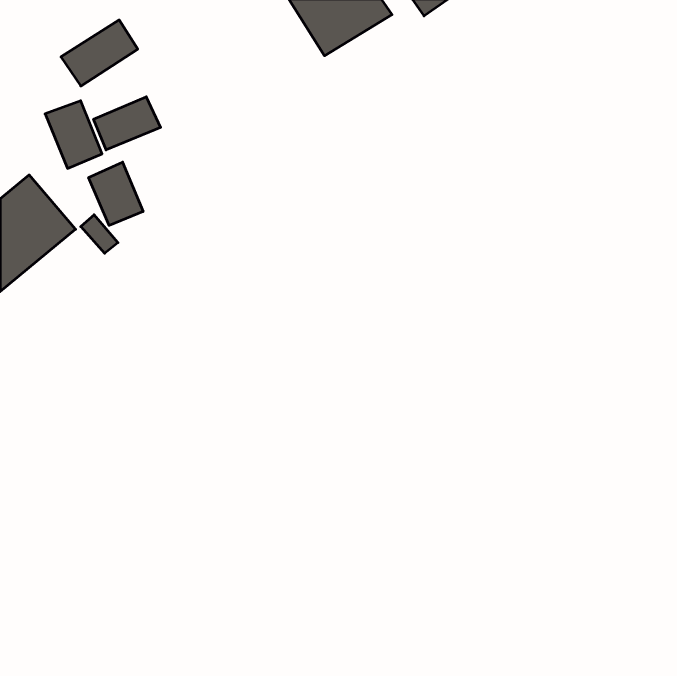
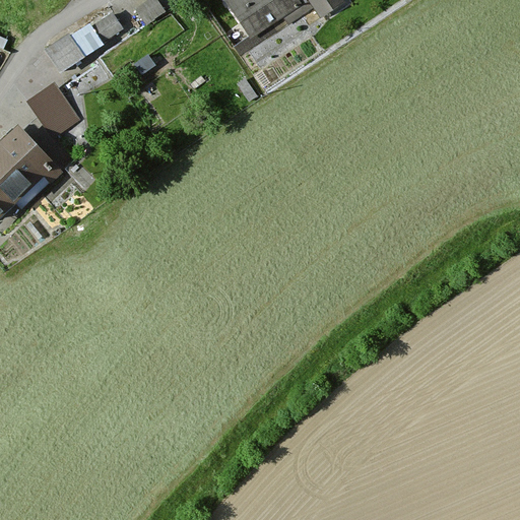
building: [94,97,161,150] -> none
building: [89,162,143,225] -> none

